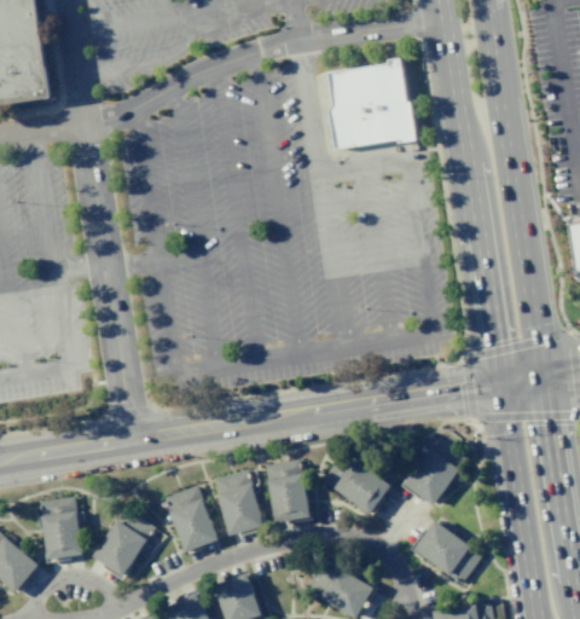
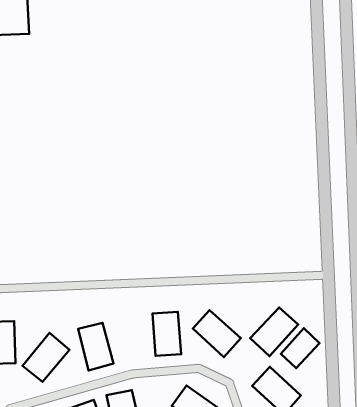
building: [327,59,417,150] -> none
building: none -> [281,328,320,368]
building: [214,469,265,537] -> none

